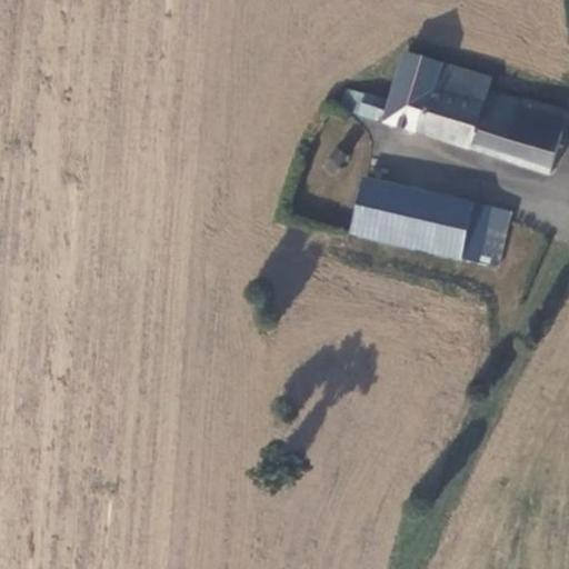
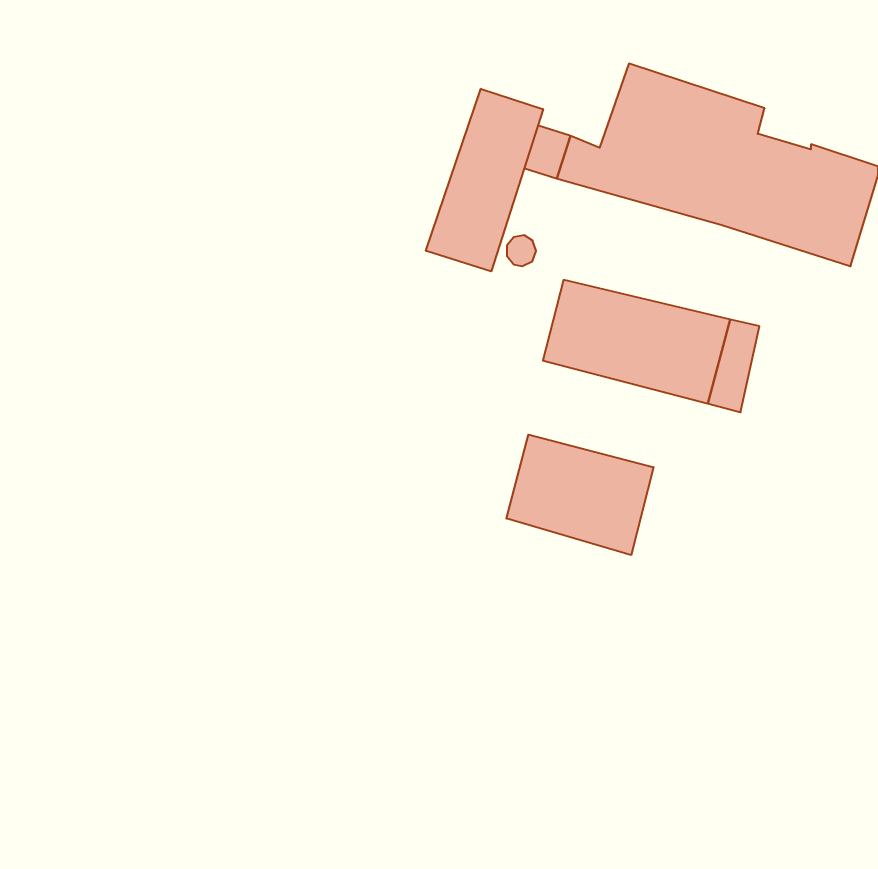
building: none -> [426,89,543,271]
building: none -> [506,435,654,555]

